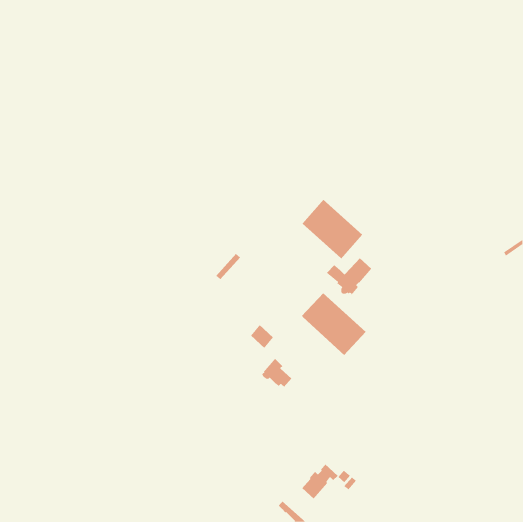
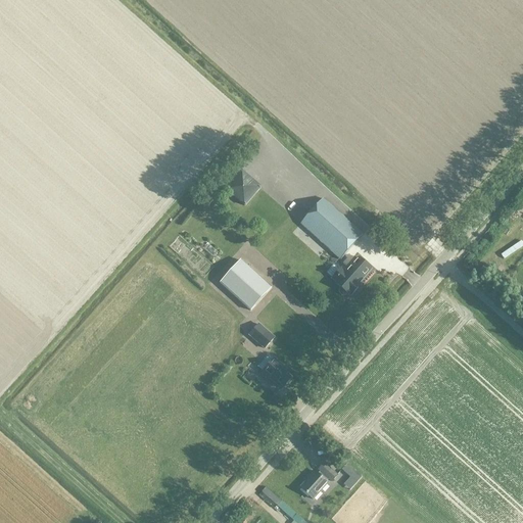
building: none -> [223,170,259,206]
building: none -> [220,259,271,310]
building: [301,292,366,356] -> none

